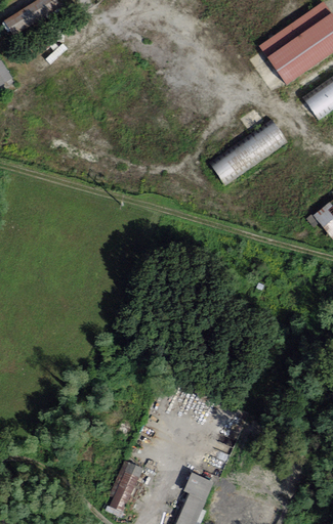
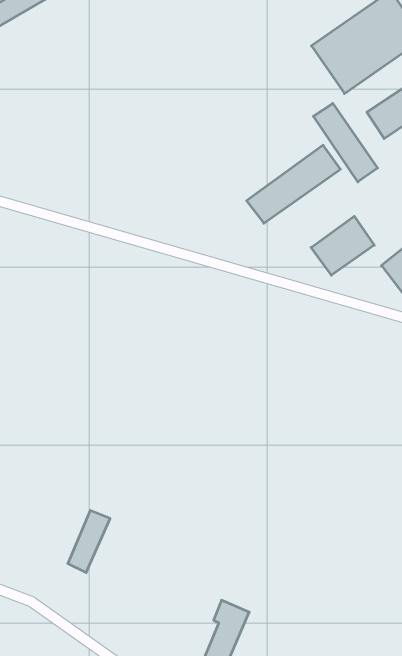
building: none -> [313,103,378,182]
building: none -> [311,216,374,275]
building: [110,464,142,512] -> [68,510,110,573]

